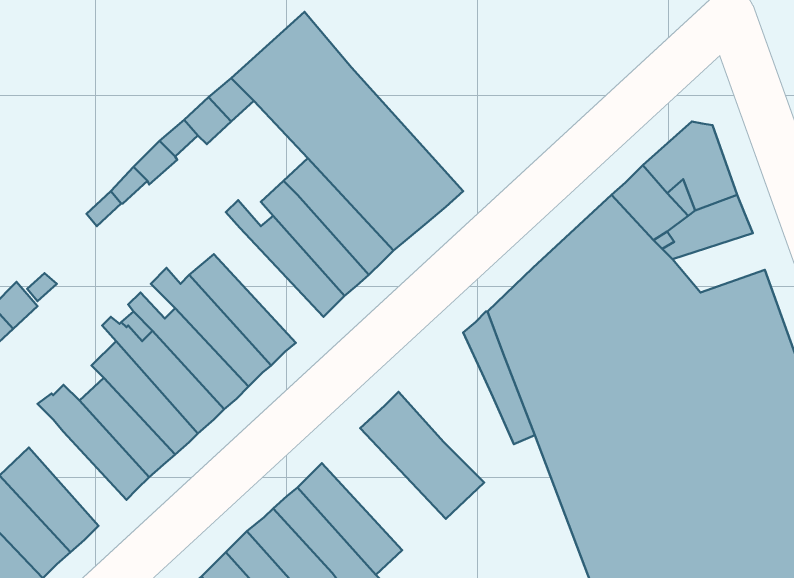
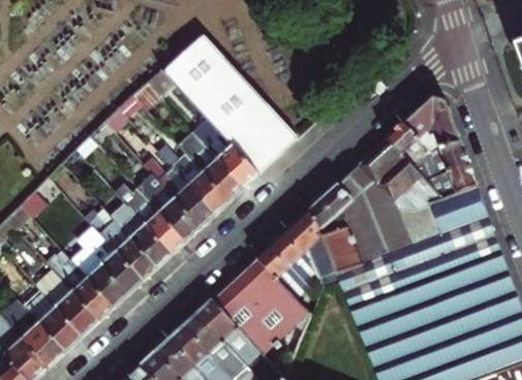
building: none -> [140,157,214,227]
building: none -> [421,162,475,197]
building: none -> [258,221,314,286]
building: none -> [37,273,97,336]
building: none -> [213,278,286,354]

